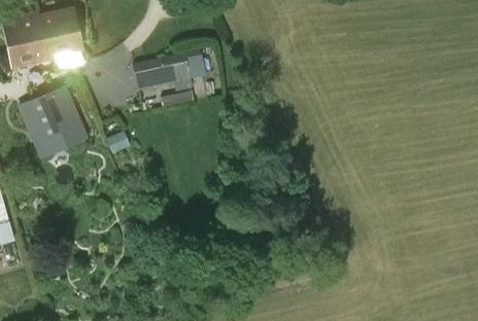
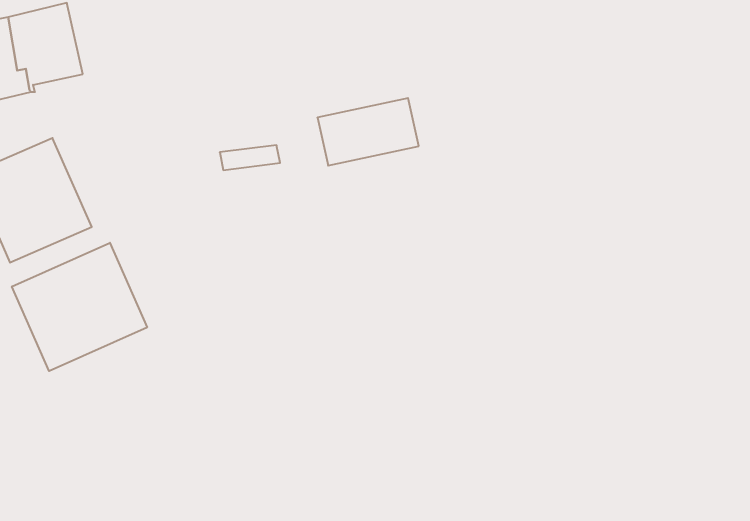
building: [132,51,191,91] -> [317,98,419,166]
building: none -> [12,243,147,371]

